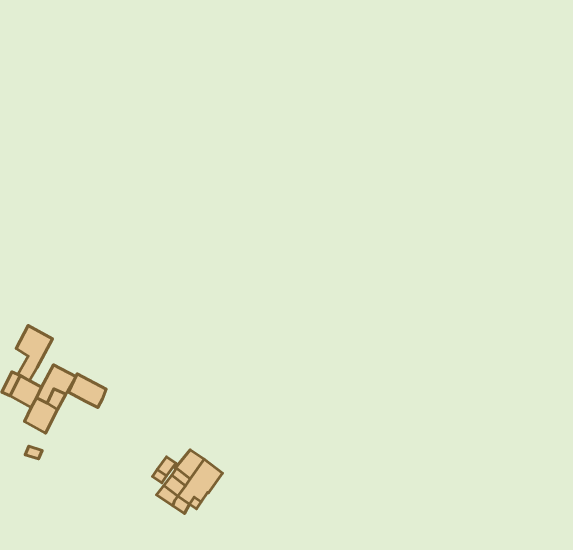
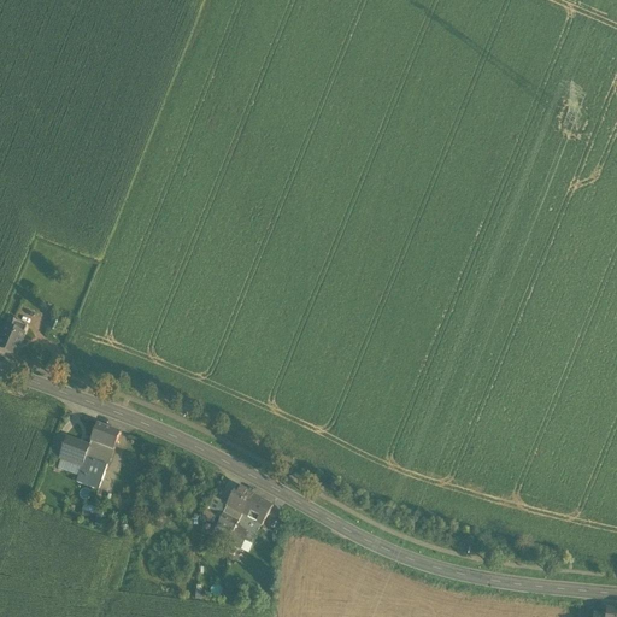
building: [16,325,53,381] -> none
building: [69,374,106,408] -> none

